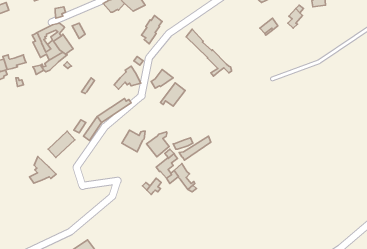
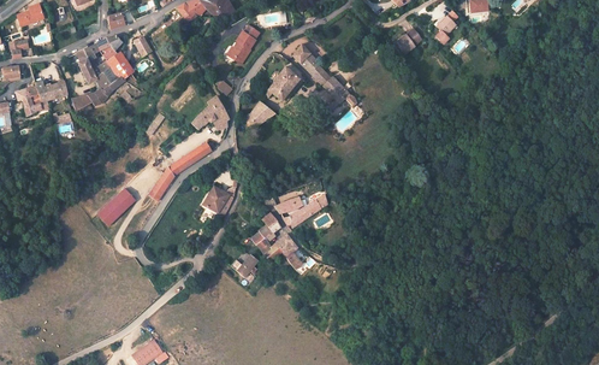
building: [160,83,185,106] -> [263,66,298,99]
building: [147,132,169,157] -> none
building: [29,157,56,183] -> none

